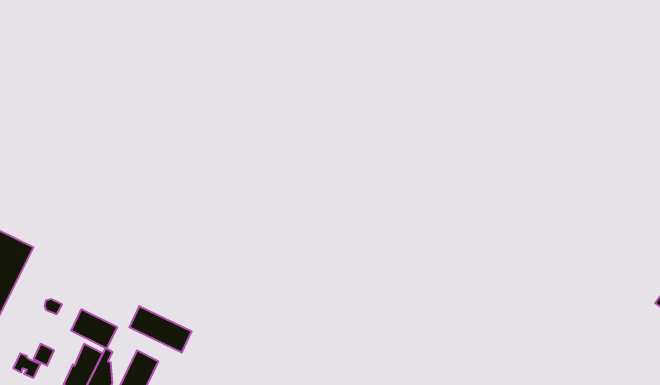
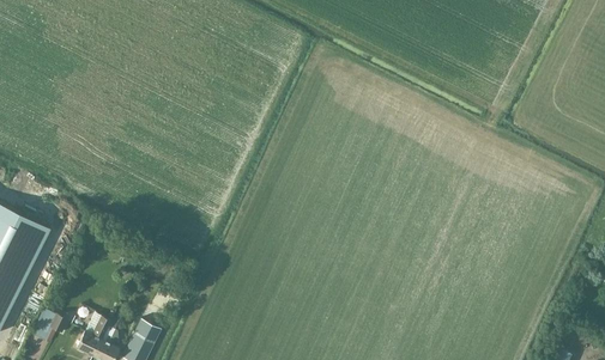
building: [129,306,192,353] -> none
building: [71,309,117,348] -> none

